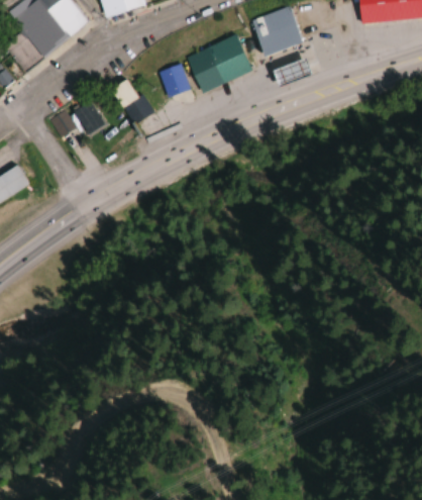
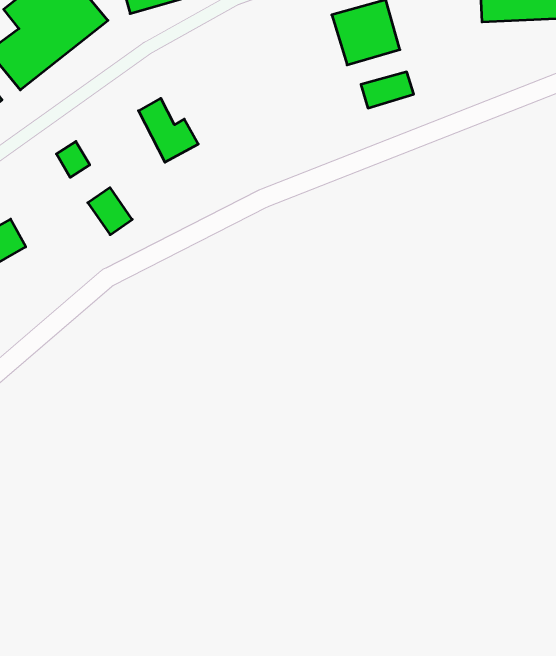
building: [161,34,252,96] -> none
building: [74,100,106,134] -> [88,188,132,235]

